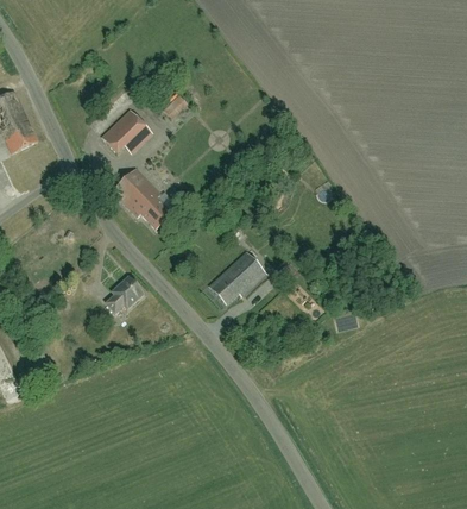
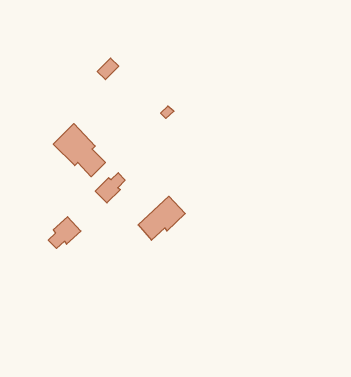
building: [101,109,146,152] -> none
building: none -> [95,173,125,203]

